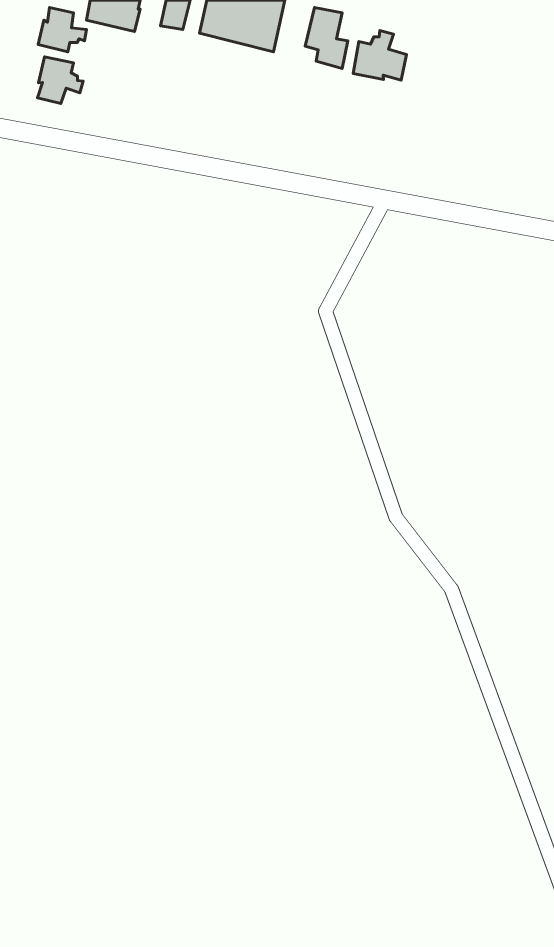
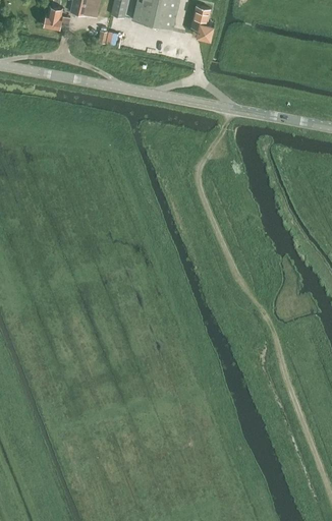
building: [353,31,406,80] -> none
building: [37,57,83,103] -> none

